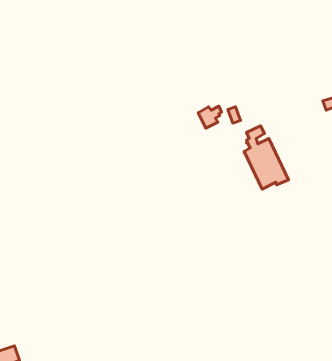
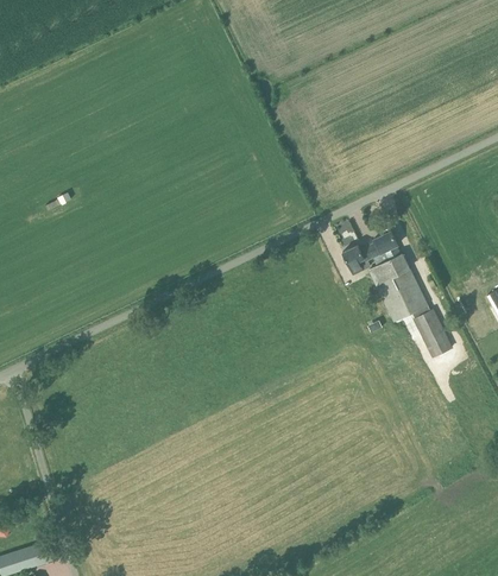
building: [198,106,221,128] -> [342,243,374,274]
building: none -> [412,308,452,357]

